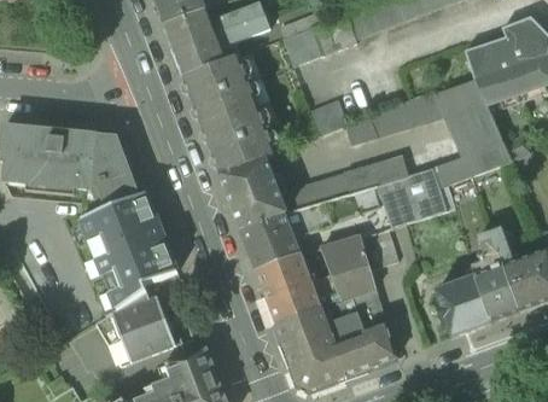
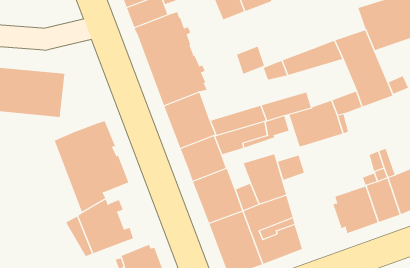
building: [88,134,138,206] -> none

